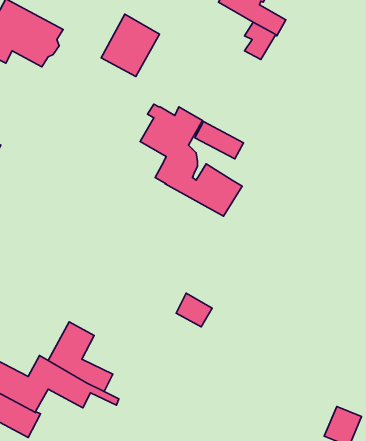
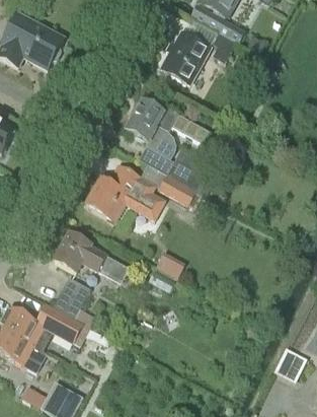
building: [101,14,160,76] -> [161,32,209,83]
building: none -> [85,164,194,221]
building: none -> [54,232,129,283]

